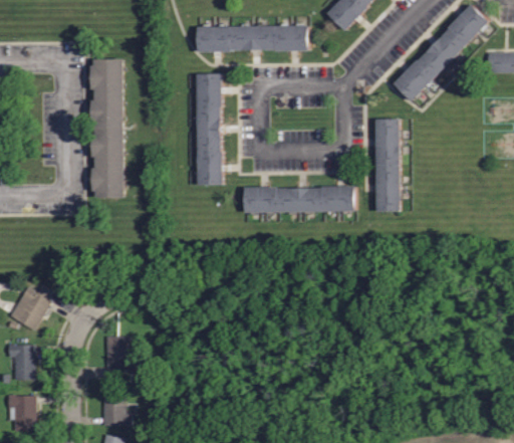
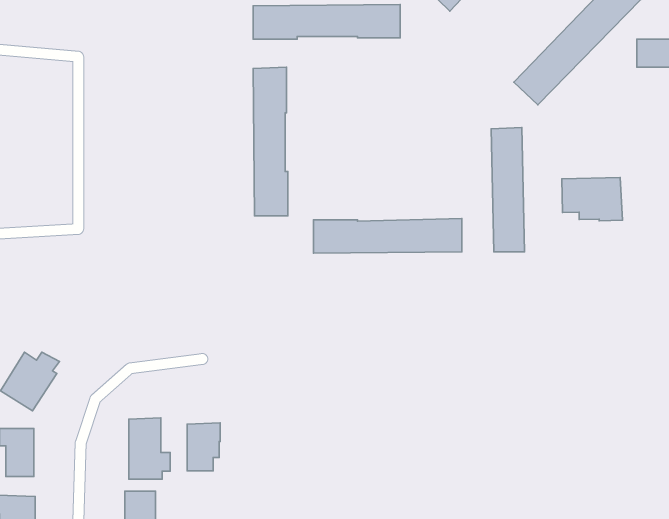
building: [90,58,123,198] -> none
building: none -> [562,178,623,221]
building: none -> [187,423,220,471]

